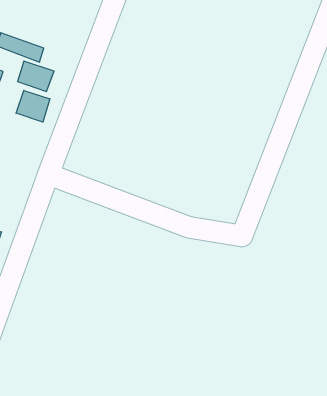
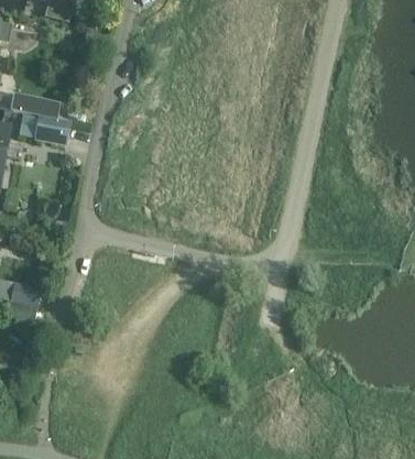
building: [16,90,50,122] -> none

